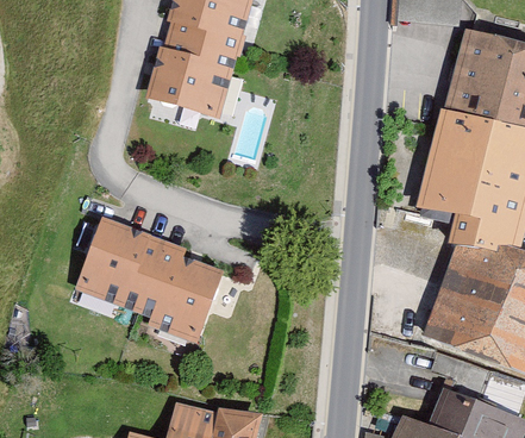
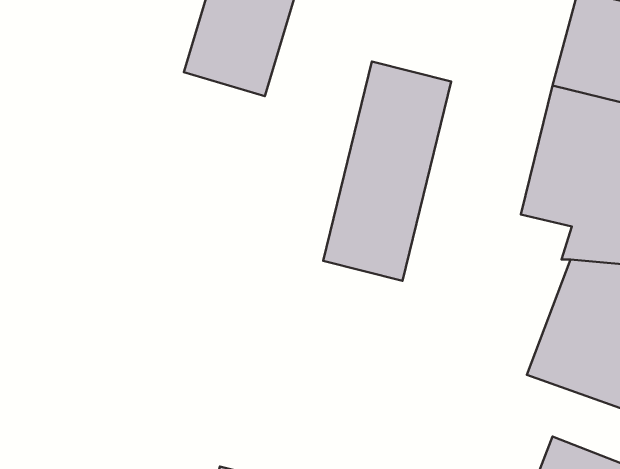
building: none -> [323,62,451,281]
building: [76,214,224,344] -> none

